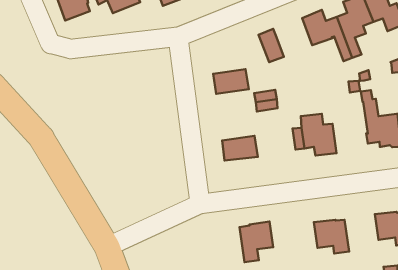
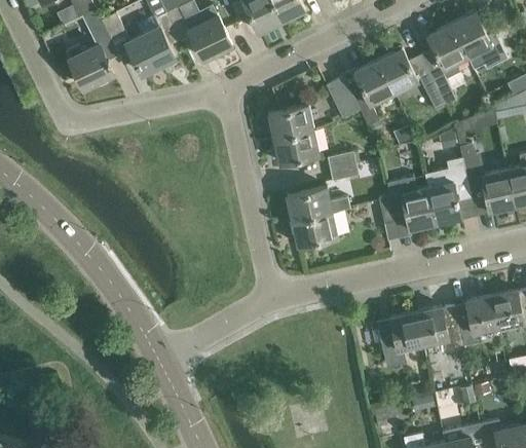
building: none -> [348,60,393,128]
building: none -> [268,105,313,139]
building: none -> [424,157,473,224]
building: none -> [287,187,349,221]
building: none -> [453,296,497,345]
building: [239,221,273,262] -> [378,312,422,366]

